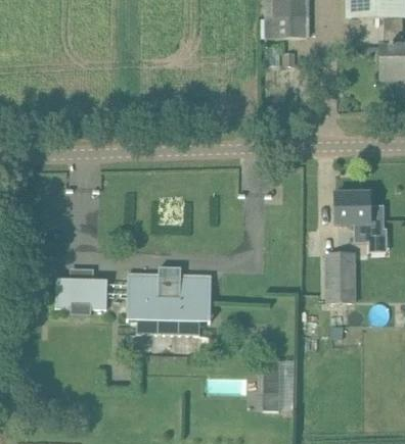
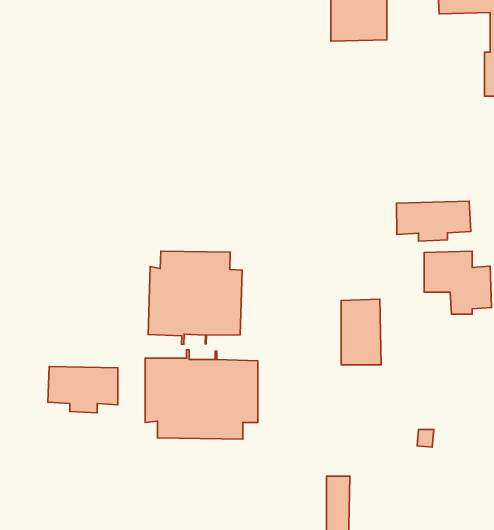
building: none -> [397,201,471,241]
building: none -> [148,251,242,344]
building: [324,254,354,303] -> [341,299,381,365]

